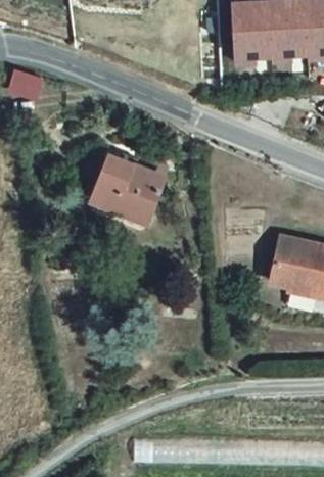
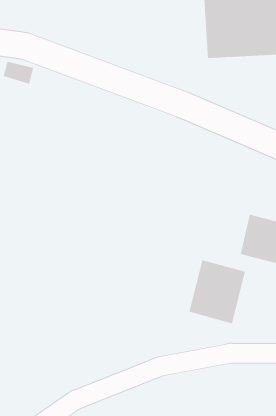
building: [89,149,170,221] -> none
building: none -> [189,259,245,324]

